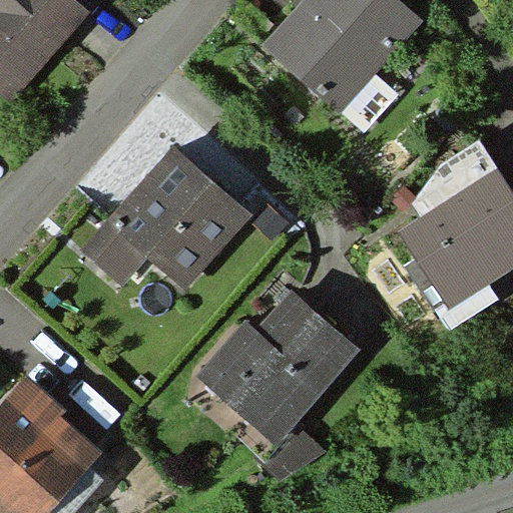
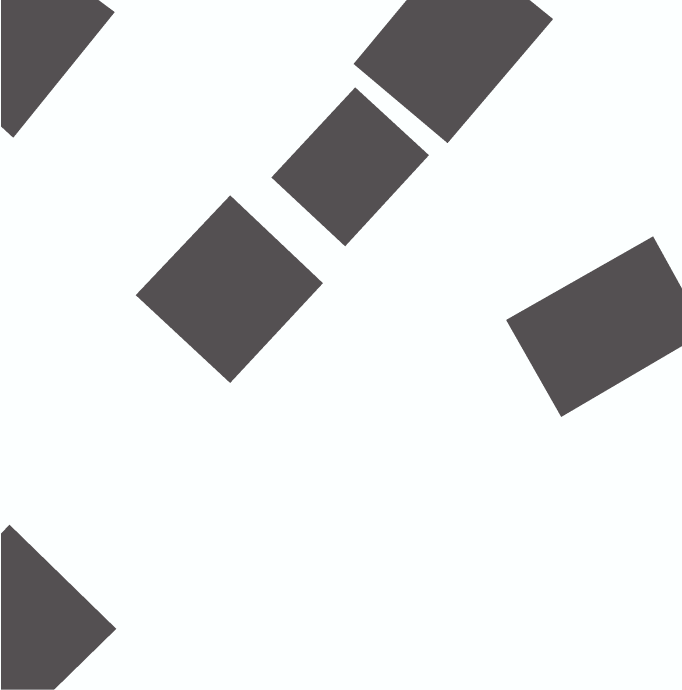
building: none -> [270,86,430,247]
building: [192,297,341,449] -> none

